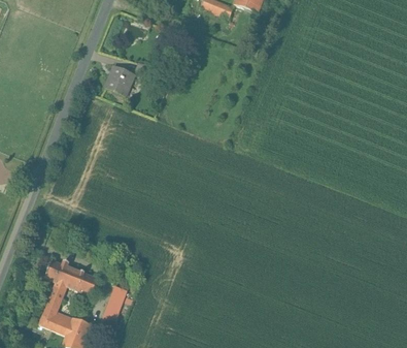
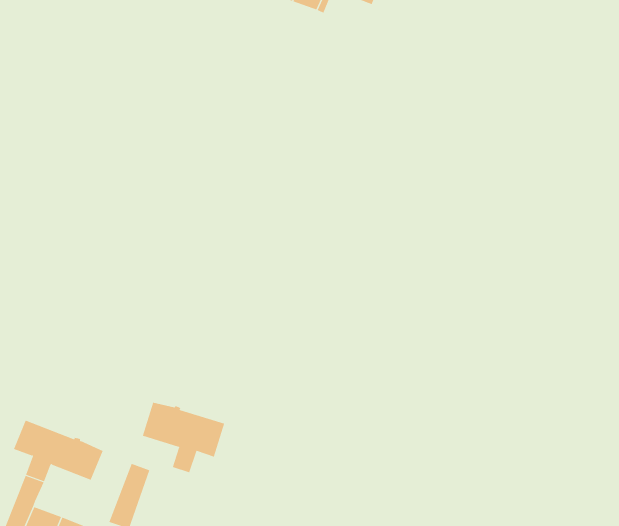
building: [105,59,140,93] -> none
building: none -> [142,402,225,473]

